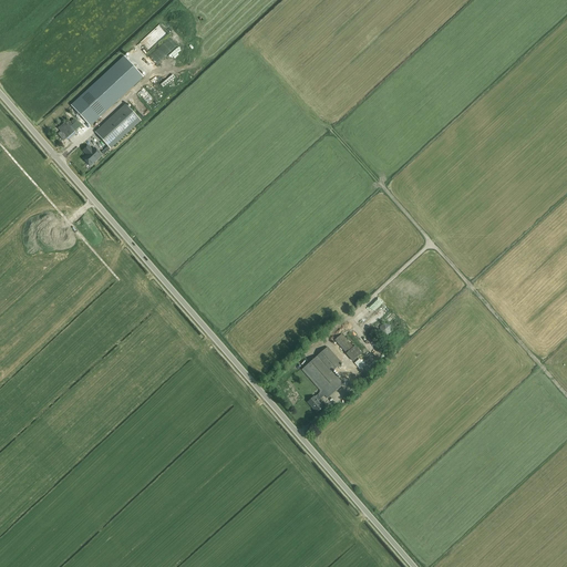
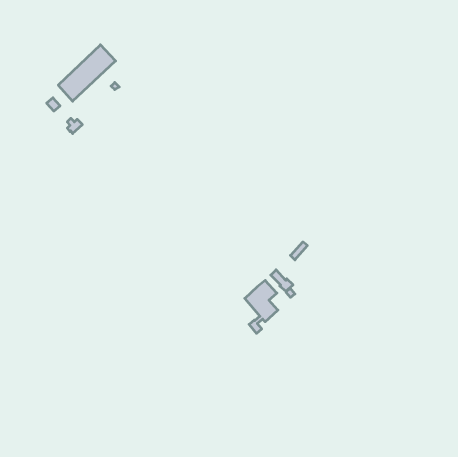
building: [95,103,141,147] -> none

